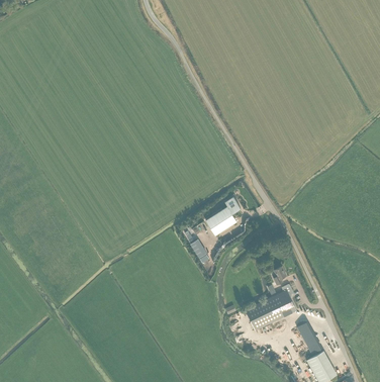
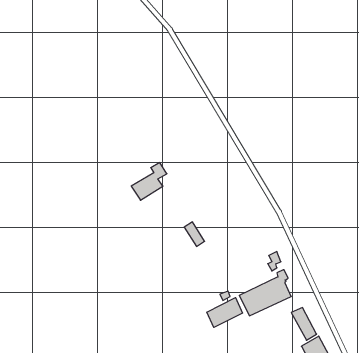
building: [204,196,240,233] -> [131,163,167,200]
building: none -> [207,298,242,327]

